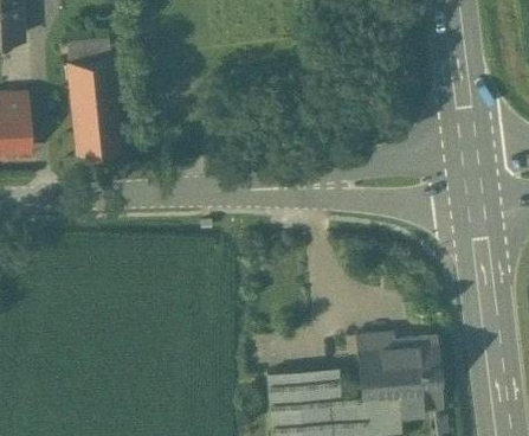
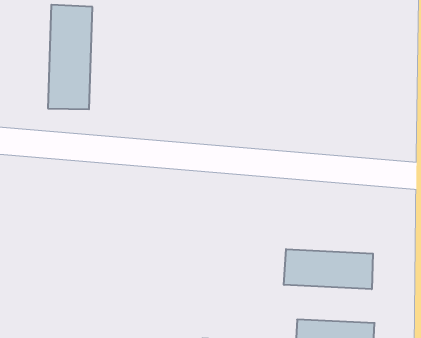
building: none -> [284,249,373,289]

